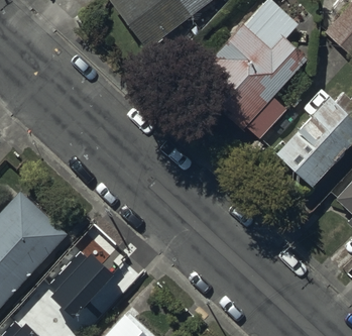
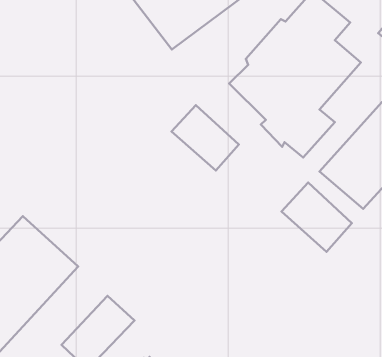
building: none -> [172,105,239,171]
building: none -> [281,183,352,252]

